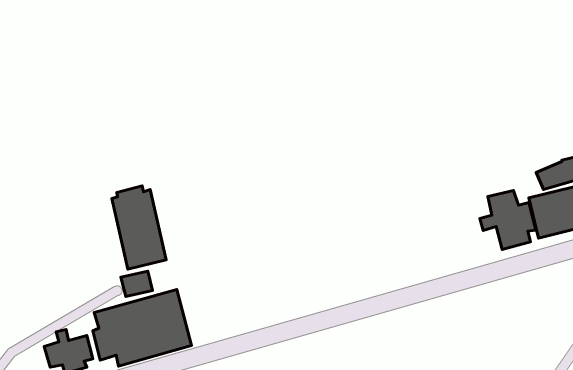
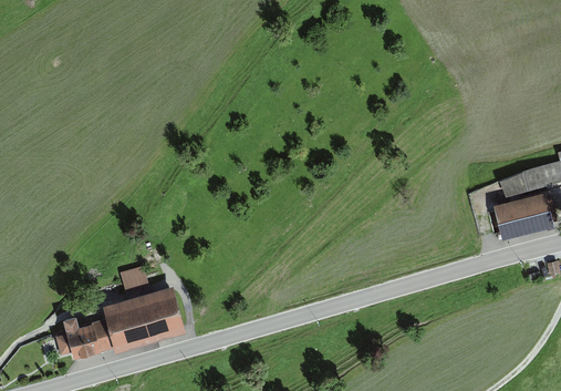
building: [112,186,166,269] -> none
building: [480,191,536,249] -> none

